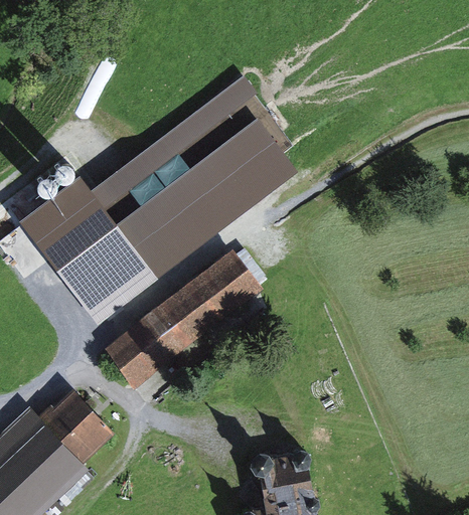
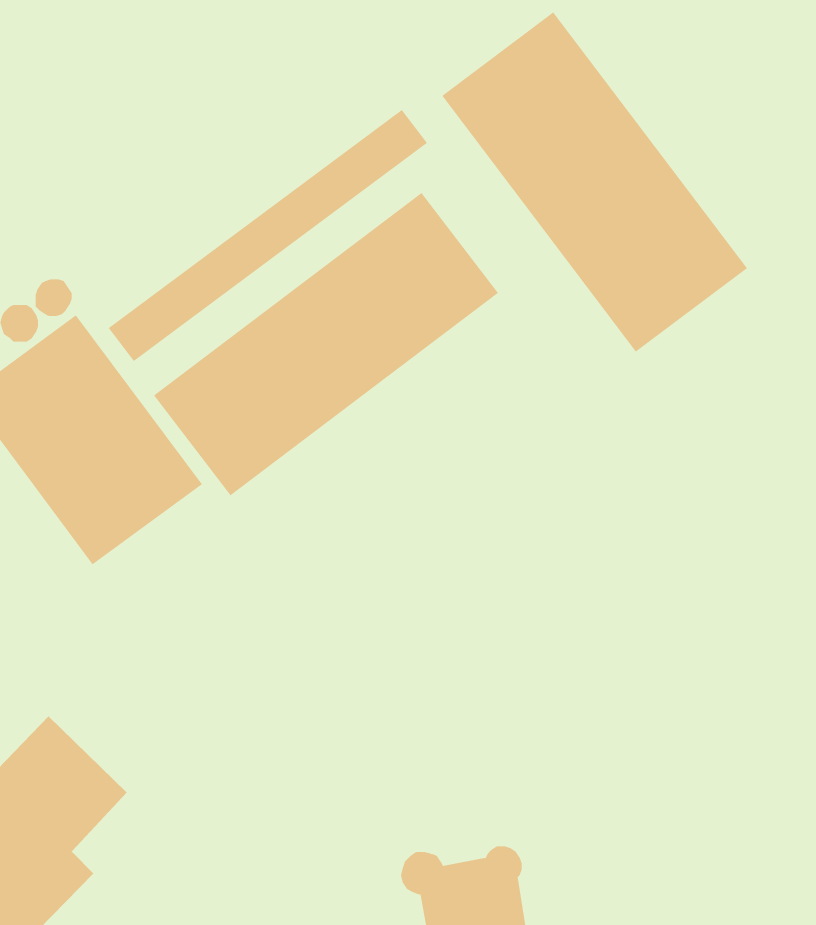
building: none -> [441,11,748,352]
building: [103,251,263,391] -> none

